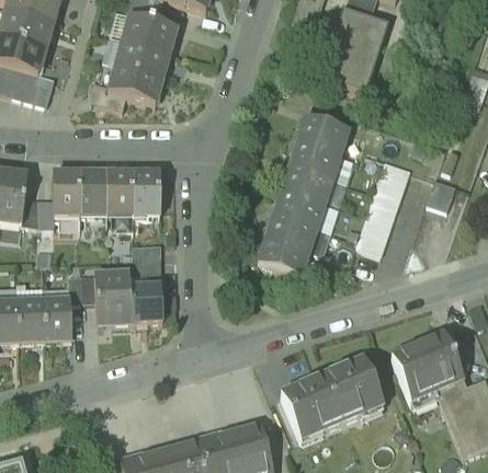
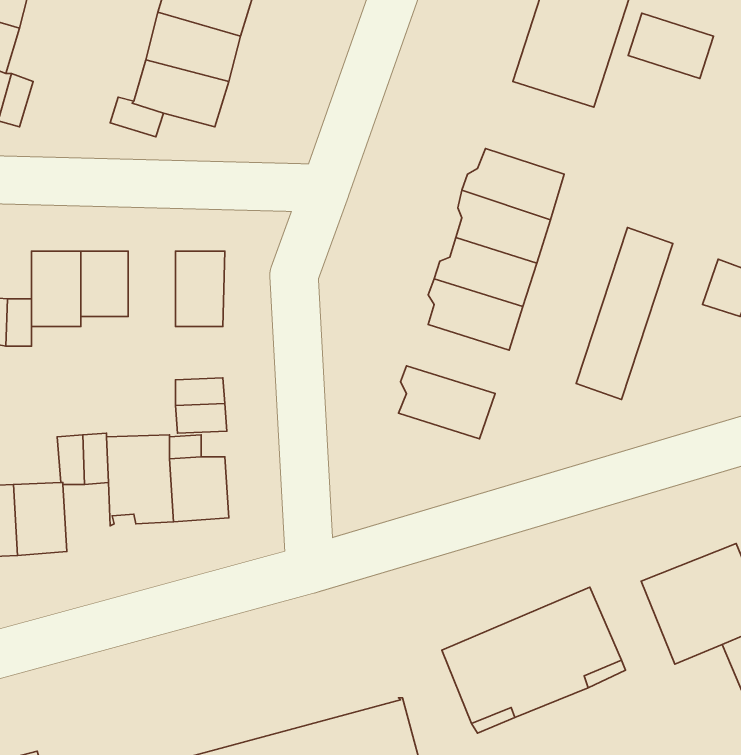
building: none -> [628,13,713,79]
building: [106,172,133,208] -> none
building: [261,212,318,251] -> none

